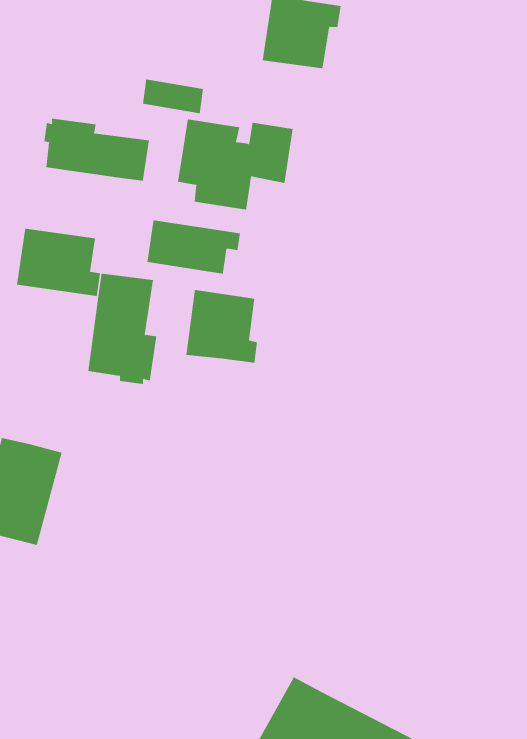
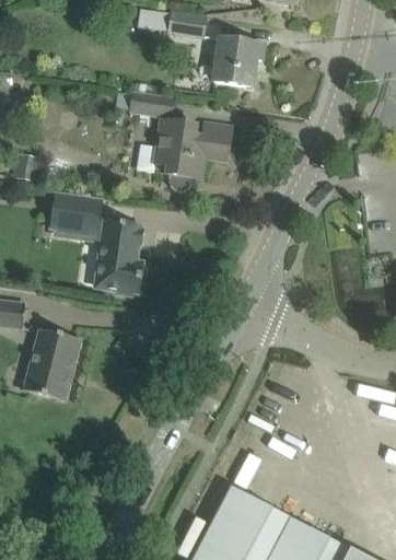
building: [44,118,149,182] -> none
building: [147,219,241,275] -> none
building: [186,289,257,364] -> none

